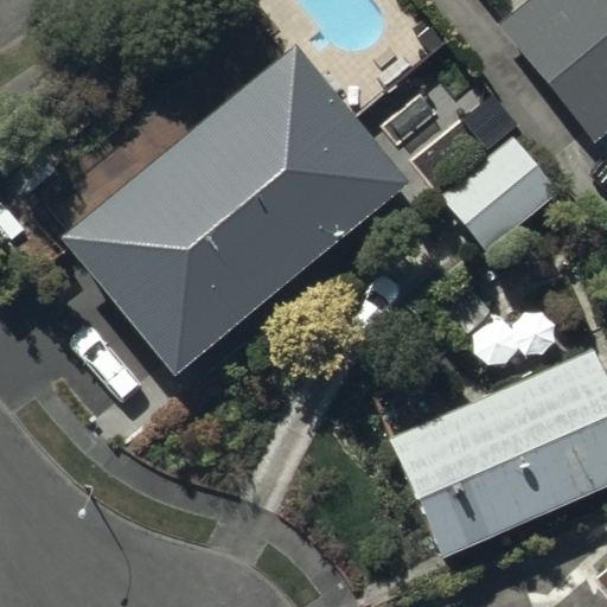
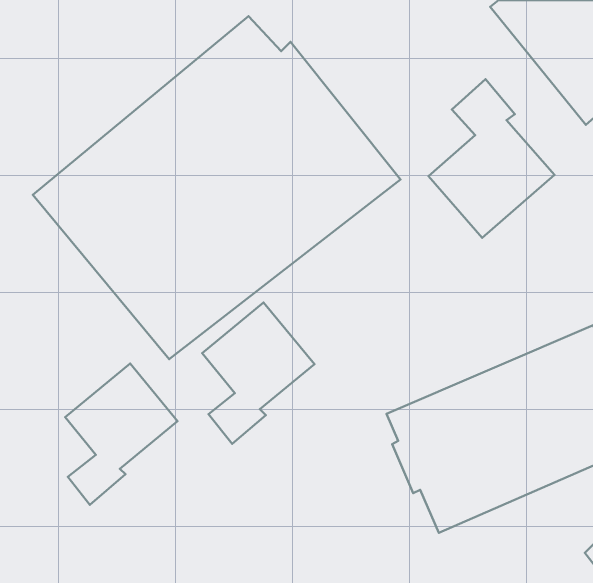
building: none -> [202,302,315,444]
building: none -> [65,364,178,505]

